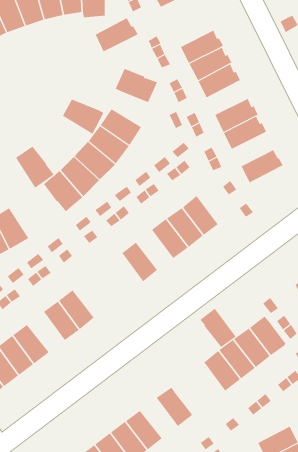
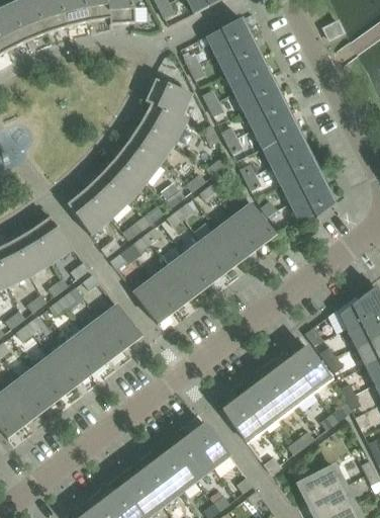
building: [95,18,139,52] -> [205,17,253,55]
building: none -> [243,92,289,128]
building: [62,99,104,134] -> [139,103,185,142]
building: none -> [270,148,317,184]
building: [15,146,54,189] -> [29,215,72,262]
building: none -> [289,184,336,222]
building: none -> [232,203,273,247]
building: none -> [167,253,206,296]
building: none -> [133,278,174,323]
building: none -> [98,305,138,348]
building: [199,308,237,348] -> [222,397,263,440]
building: none -> [49,342,89,385]
building: none -> [171,435,211,479]

